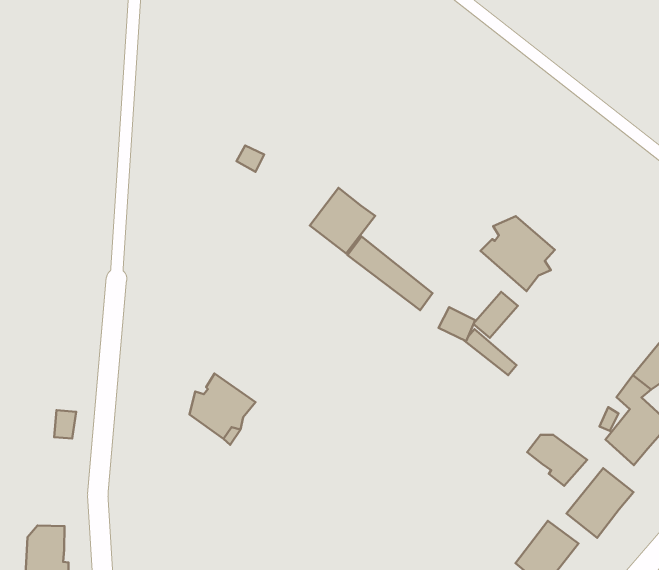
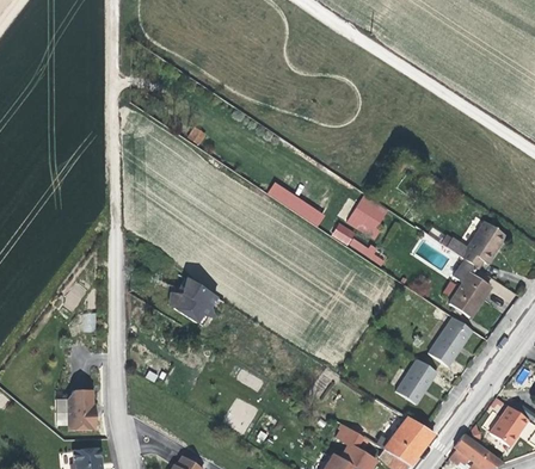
building: [310,188,375,253] -> none
building: [480,216,555,291] -> none
building: [527,435,587,486] -> none

